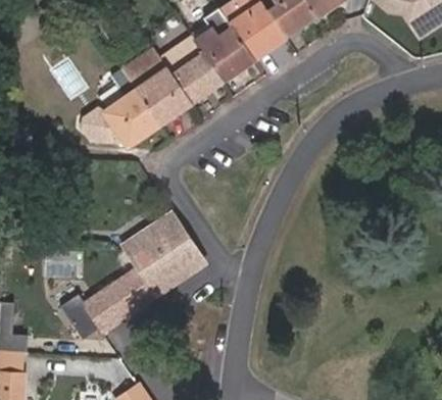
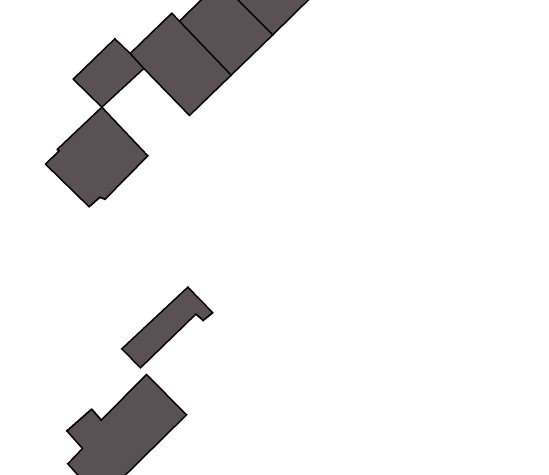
building: [136,66,192,123] -> none
building: [132,232,204,296] -> none

